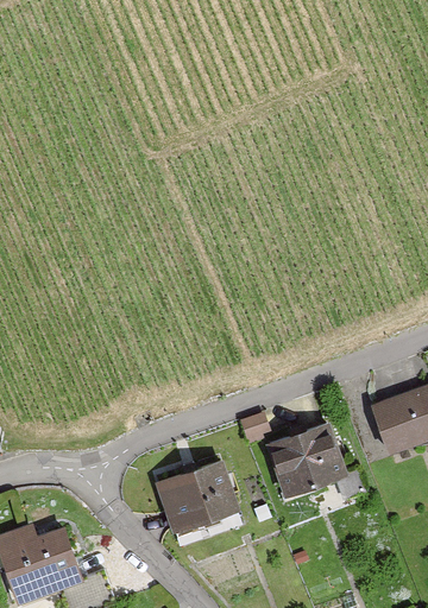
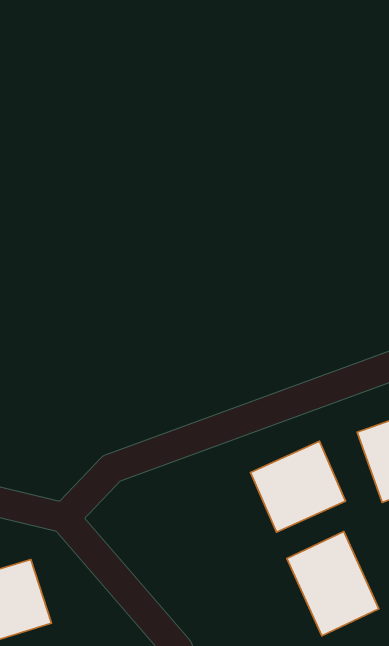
building: [156,460,241,536] -> none
building: none -> [287,532,379,636]

